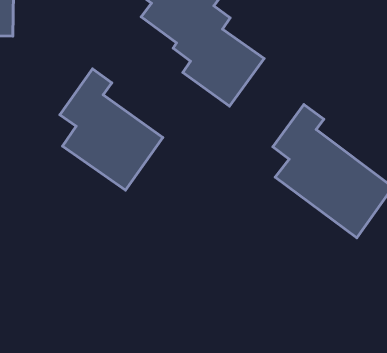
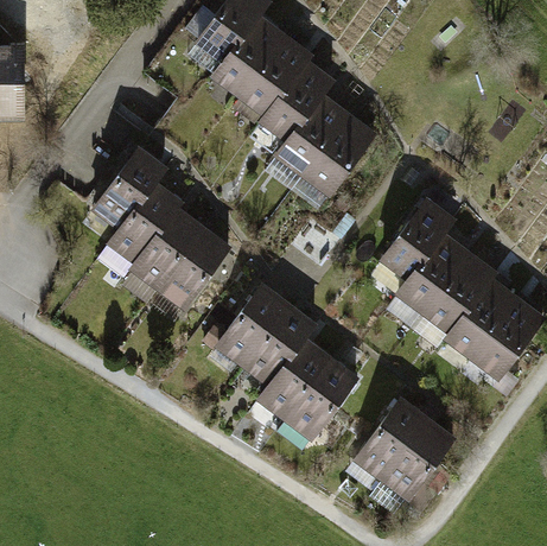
building: none -> [216,281,355,437]
building: none -> [352,388,459,497]

